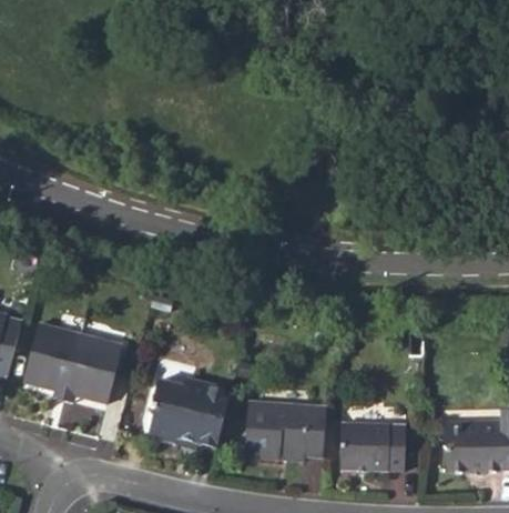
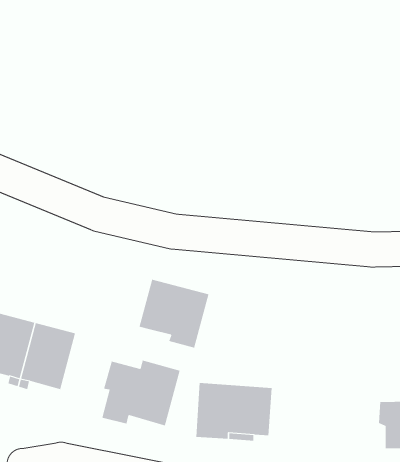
building: none -> [139,279,209,348]
building: [339,422,406,470] -> none

